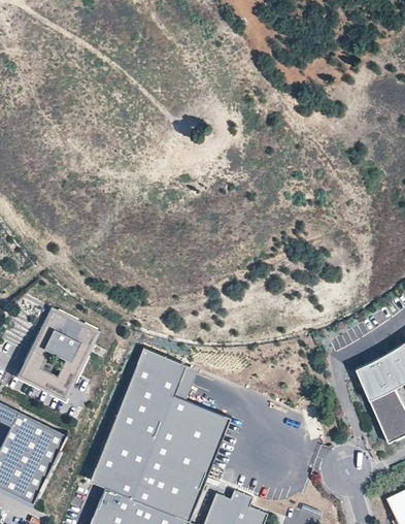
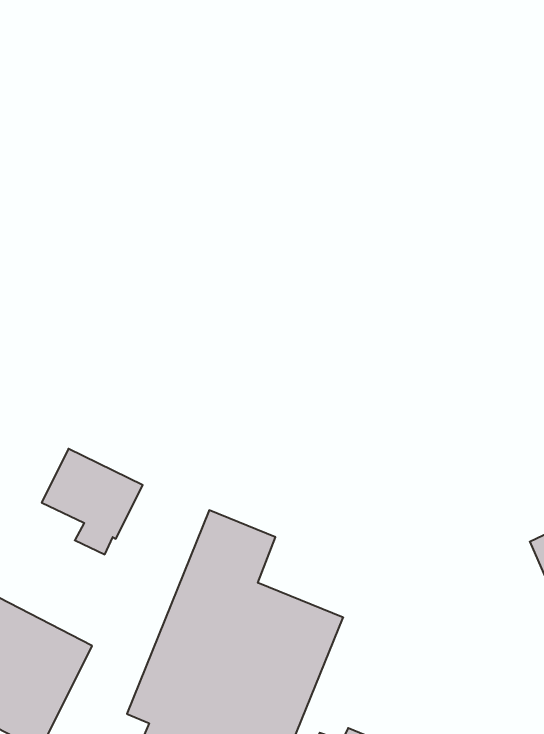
building: [18,342,83,401] -> none

